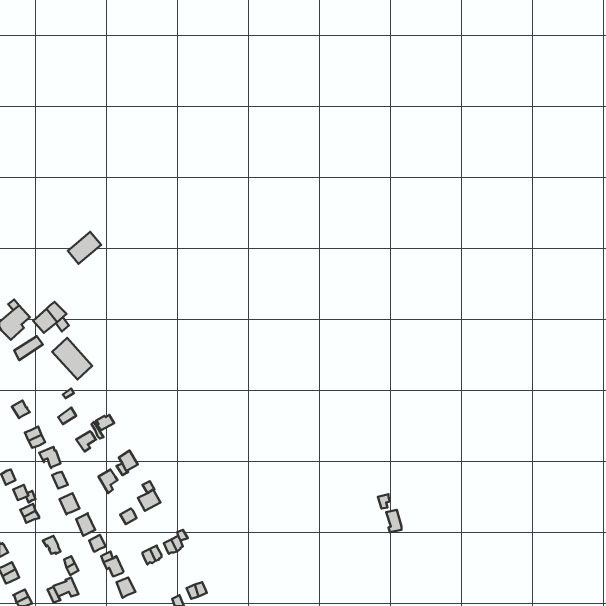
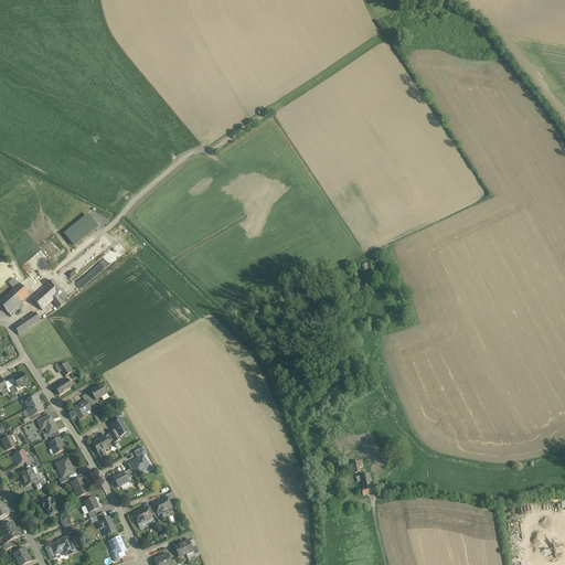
building: [52,338,92,380] -> none

